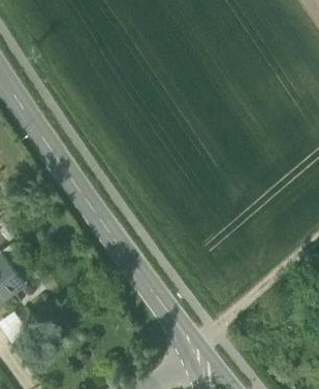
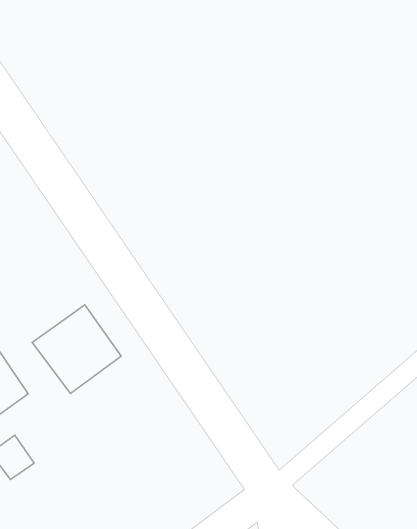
building: none -> [32,305,121,393]

